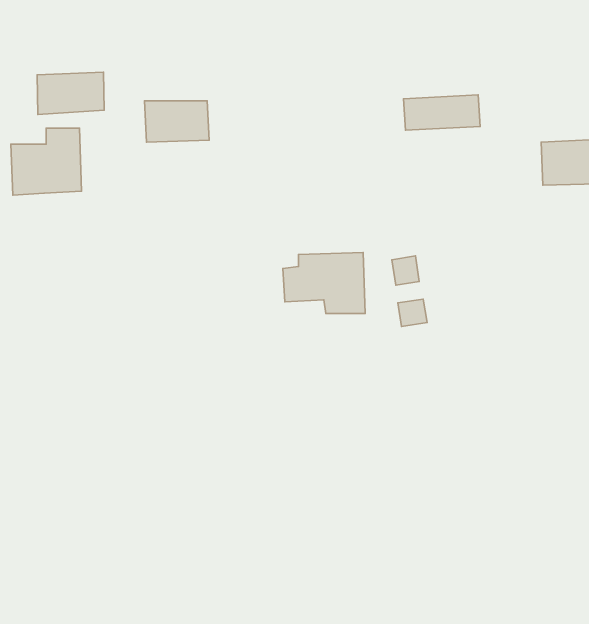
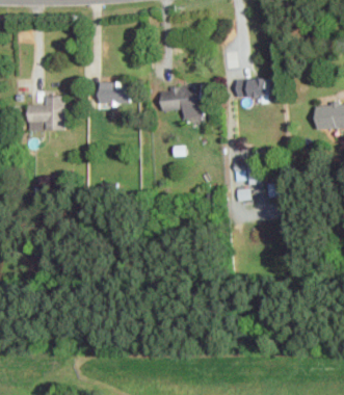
building: [37,72,104,115] -> none
building: [283,253,365,313] -> [160,85,204,117]

